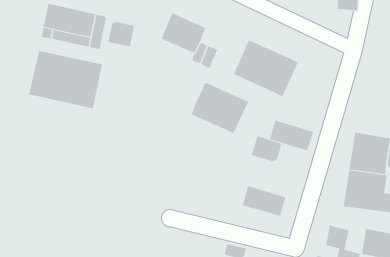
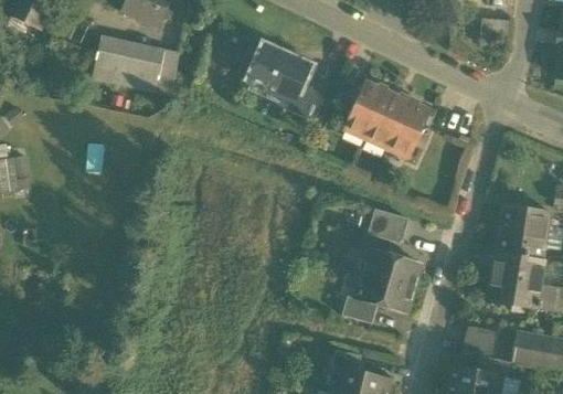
building: [108,21,134,47] -> none
building: [28,50,103,109] -> none
building: [191,82,249,134] -> none
building: [269,120,314,151] -> [363,247,422,288]
building: none -> [342,295,378,323]

